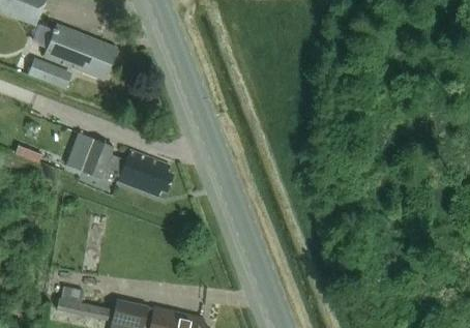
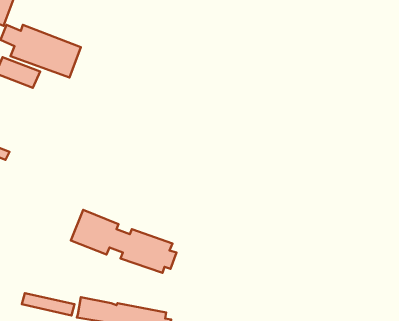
building: [65,132,173,197] -> [71,210,177,273]

